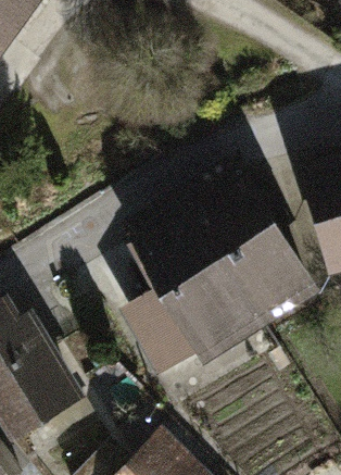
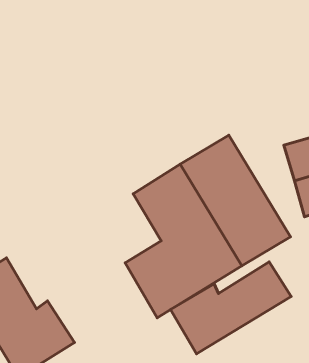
building: none -> [170,262,291,354]

